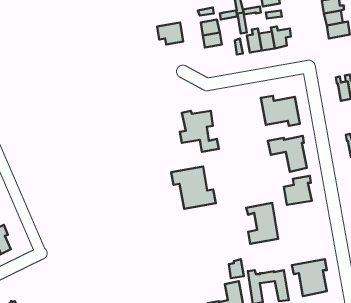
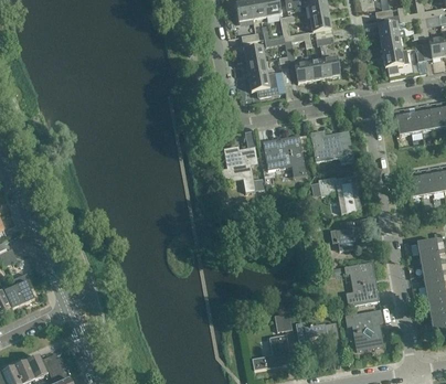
building: [157,22,183,44] -> [248,72,277,96]
building: none -> [263,134,306,175]
building: [171,166,216,209] -> none
building: [246,203,278,244] -> [343,260,379,306]

